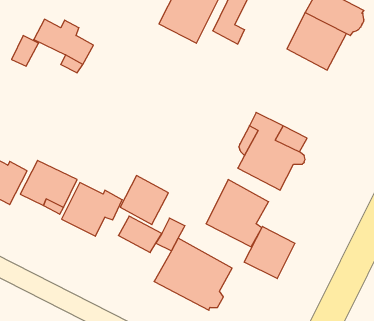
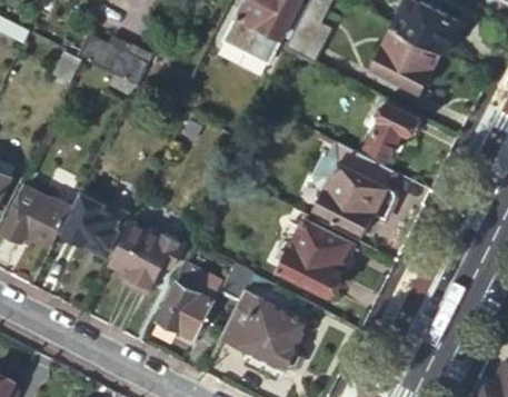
building: none -> [367,100,424,158]
building: [120,176,168,225] -> [158,284,213,340]
building: [244,226,295,279] -> none

